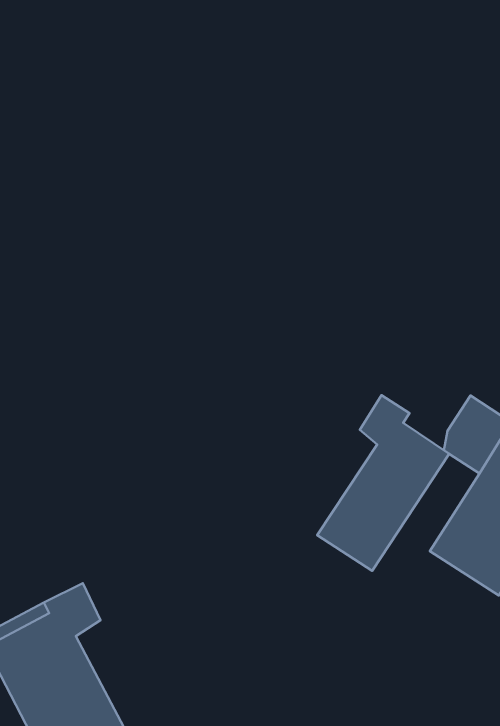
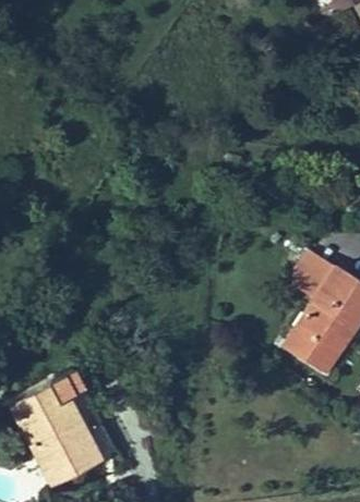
building: [317,395,449,571] -> none

